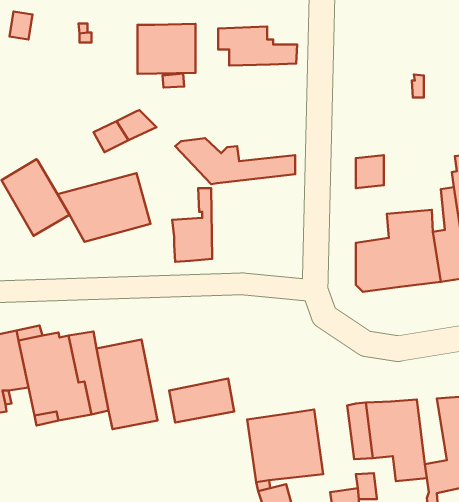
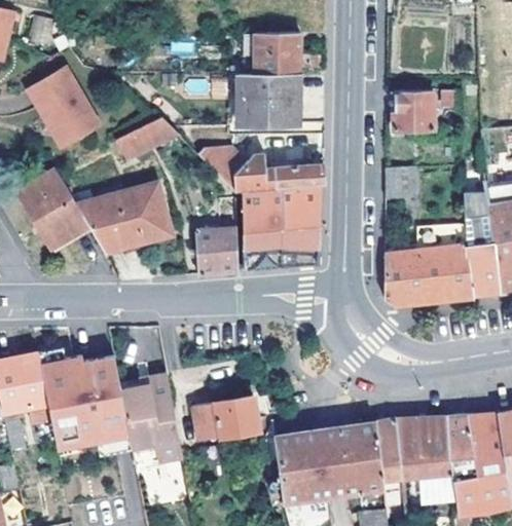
building: [137,24,195,74] -> [237,72,297,123]
building: none -> [31,71,100,150]
building: none -> [395,89,434,130]
building: none -> [243,185,323,272]
building: none -> [448,416,479,484]
building: none -> [342,423,385,494]

